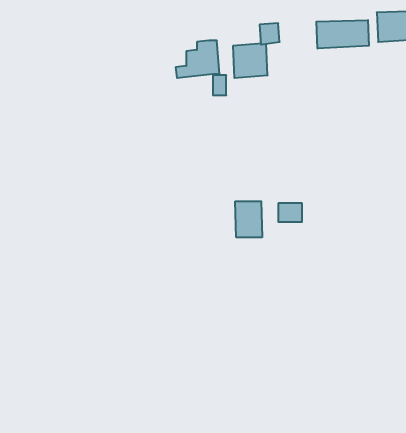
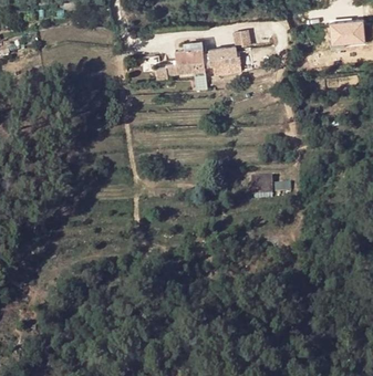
building: [316,20,369,49] -> none
building: [235,201,262,237] -> none

